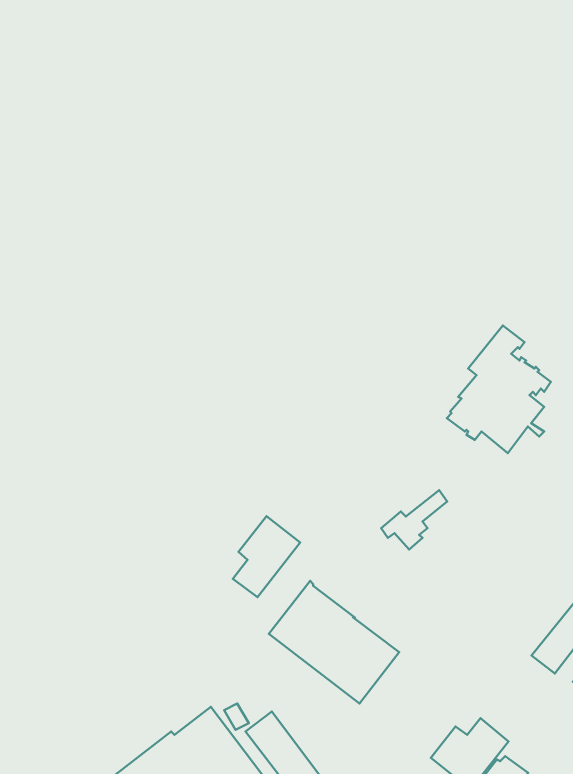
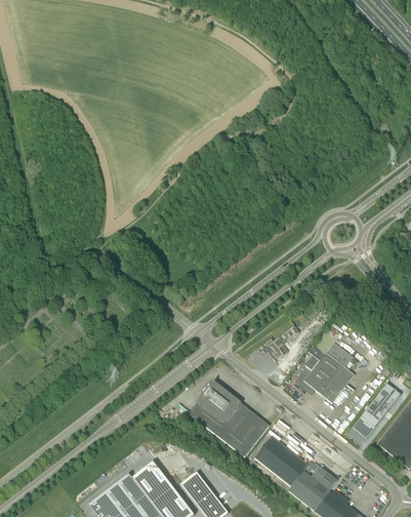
building: [447,326,551,453] -> [294,325,359,404]
building: [233,516,300,597] -> none
building: none -> [254,436,319,487]

